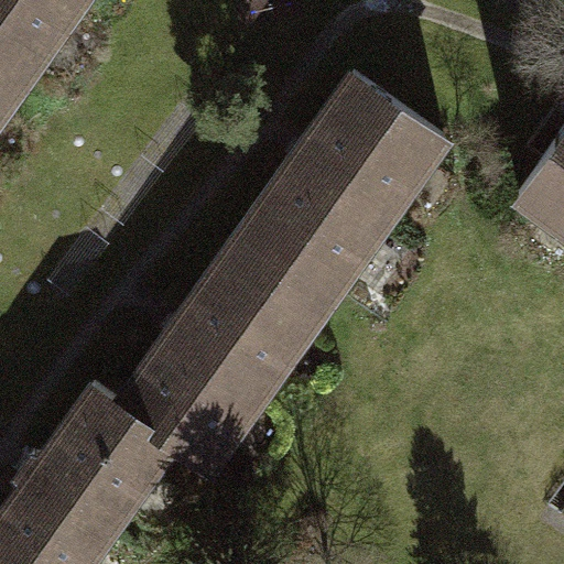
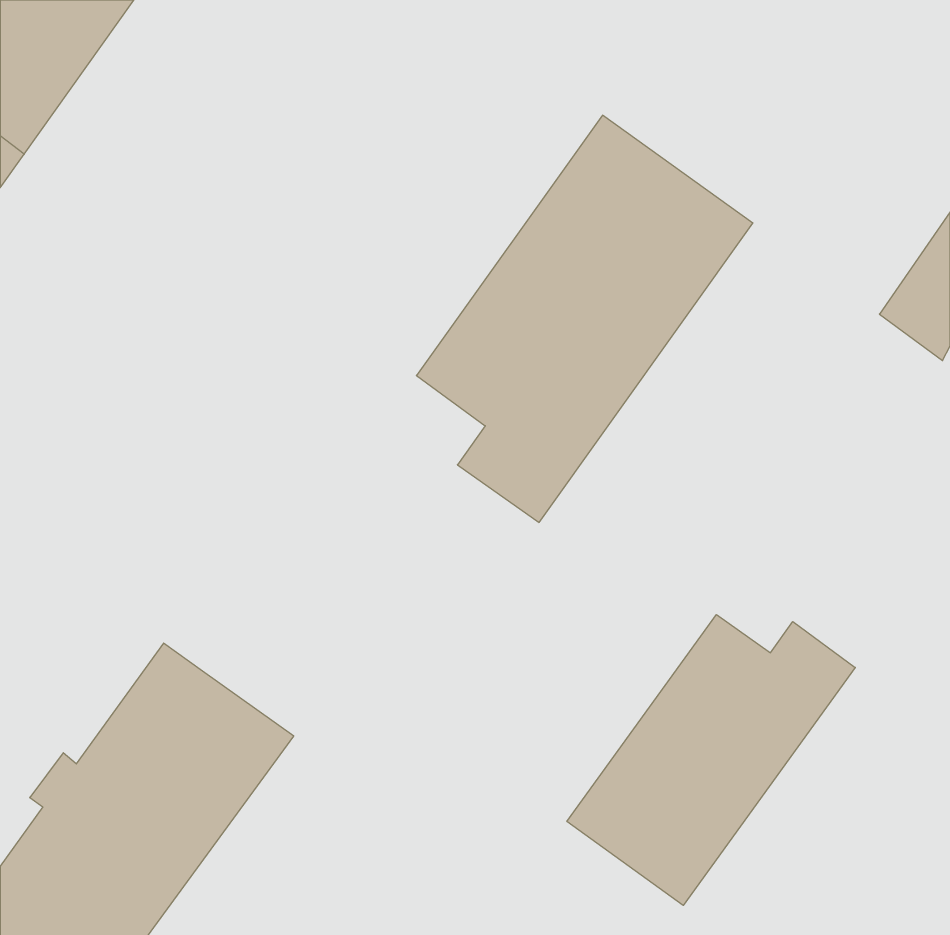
building: [120,231,319,470] -> none
building: none -> [567,615,855,905]

